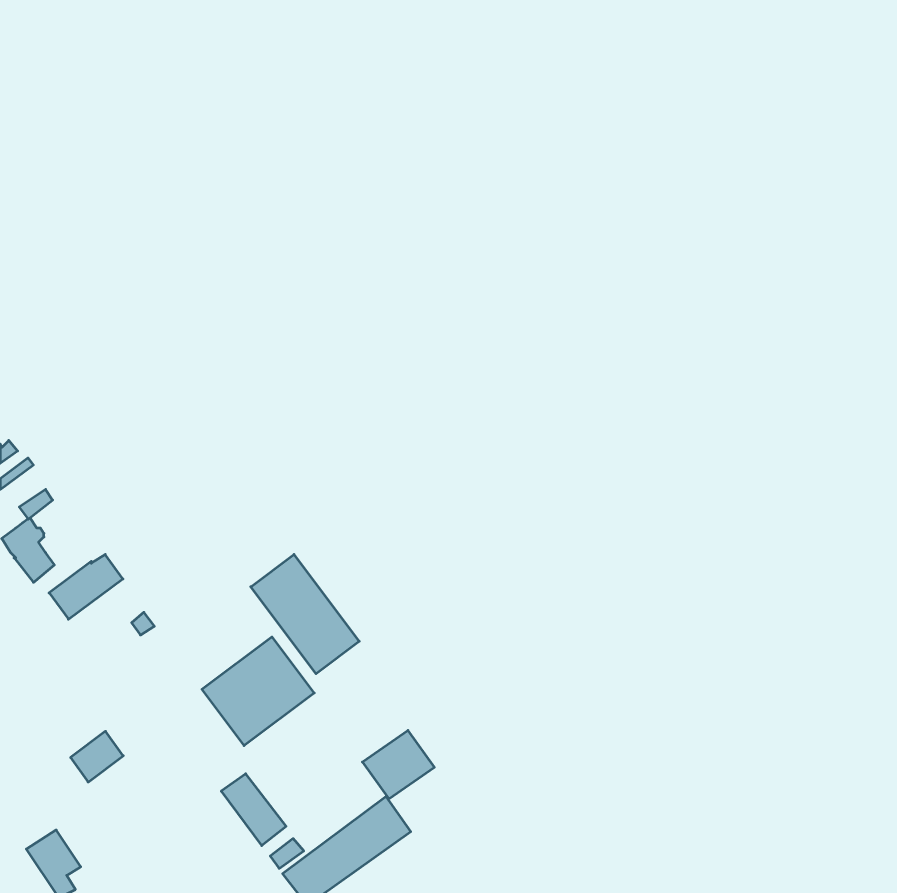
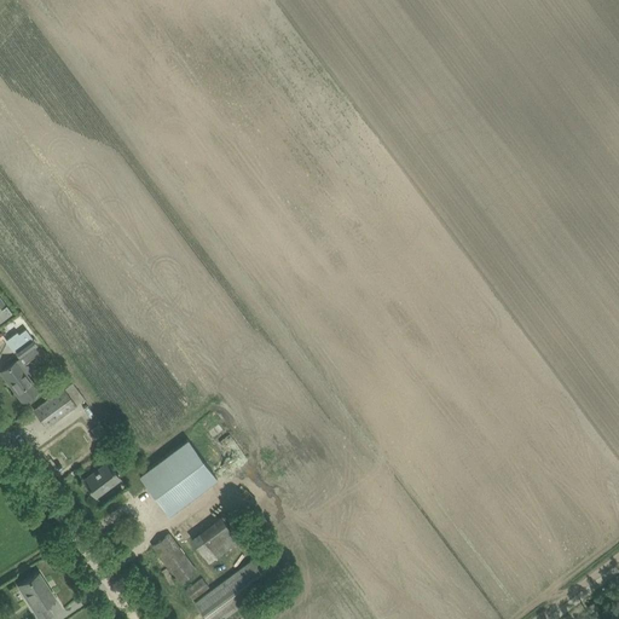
building: [251,554,359,674] -> none
building: [362,730,434,799] -> [192,516,242,563]
building: [71,731,123,782] -> [83,463,120,498]

